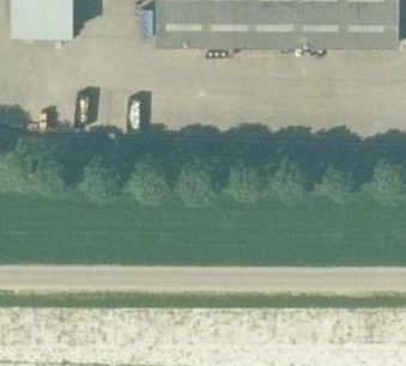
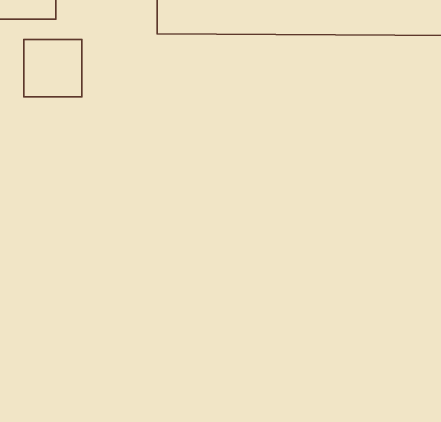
building: none -> [24,39,82,97]

